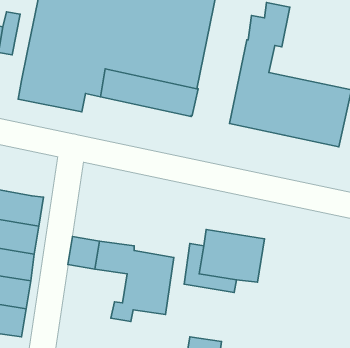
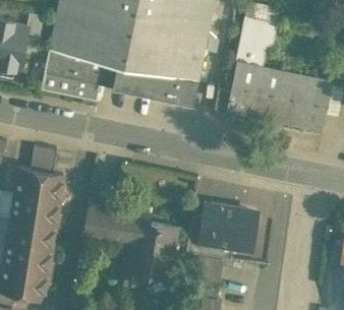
building: none -> [31,146,56,174]

